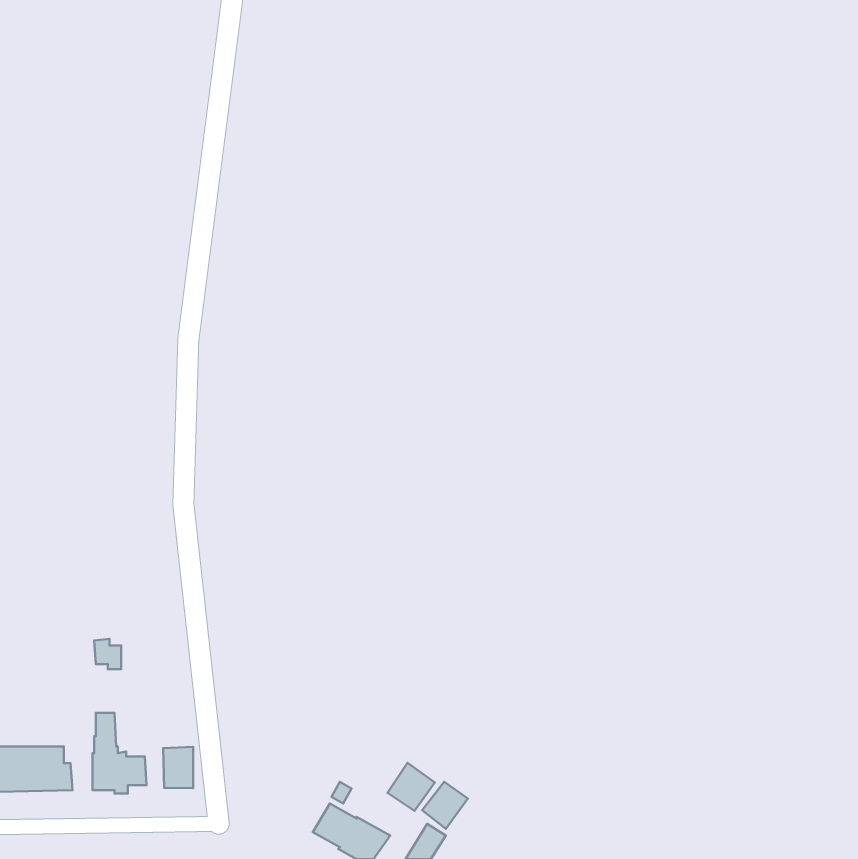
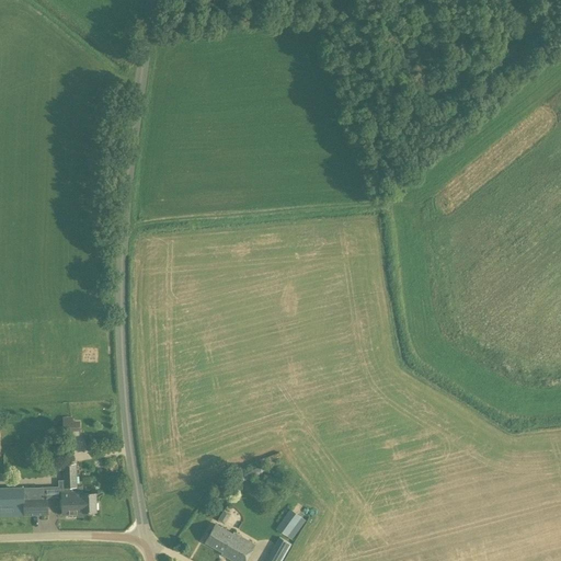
building: [163,747,193,788] -> none
building: [387,763,435,811] -> none

